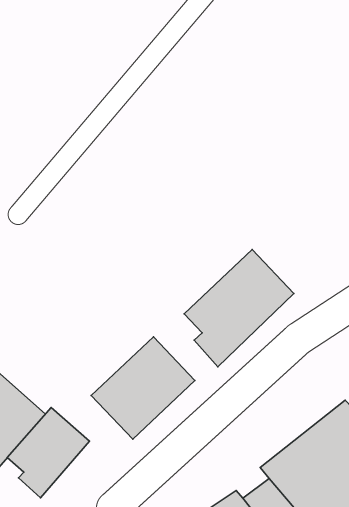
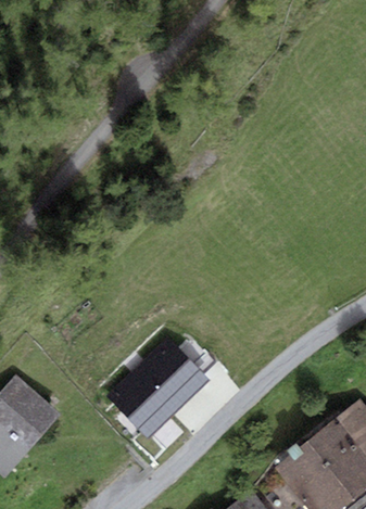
building: [184,249,294,367] -> none
building: [7,408,89,498] -> none

